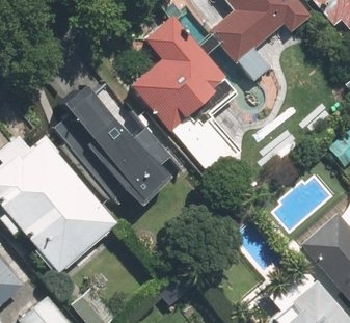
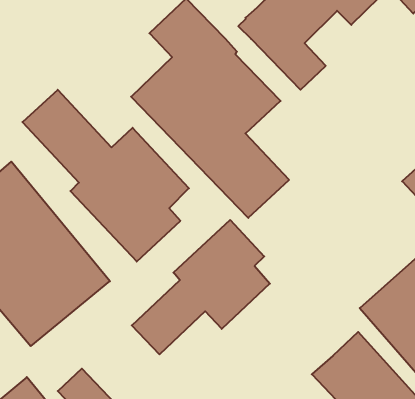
building: none -> [132,220,270,354]

